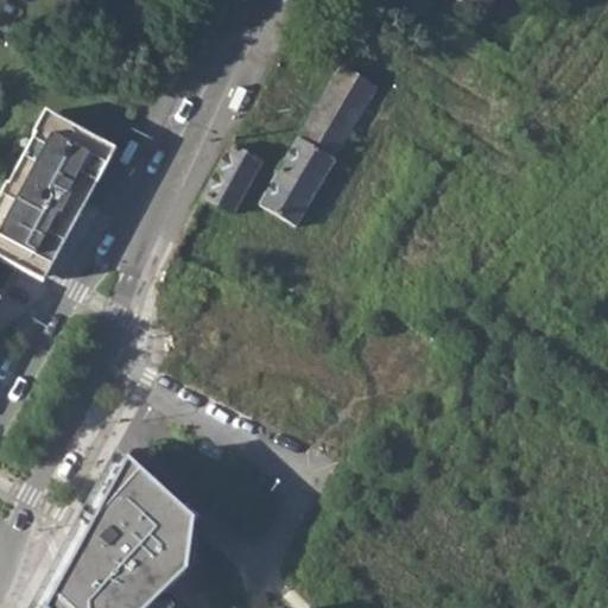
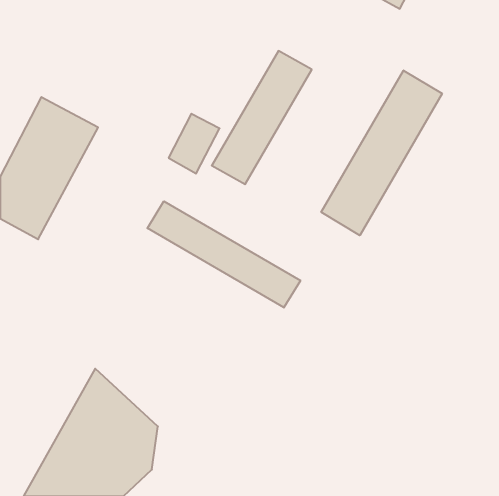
building: none -> [321,70,442,235]
building: none -> [147,201,300,308]

